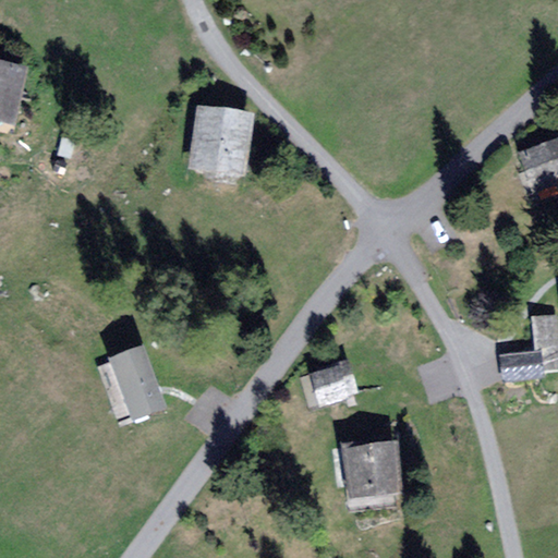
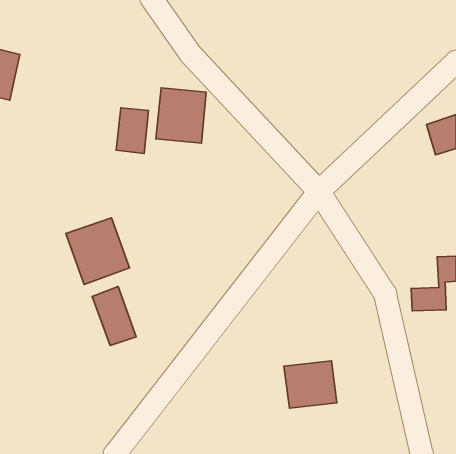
building: none -> [116,108,149,153]
building: none -> [66,218,130,285]
building: [313,366,349,404] -> none

